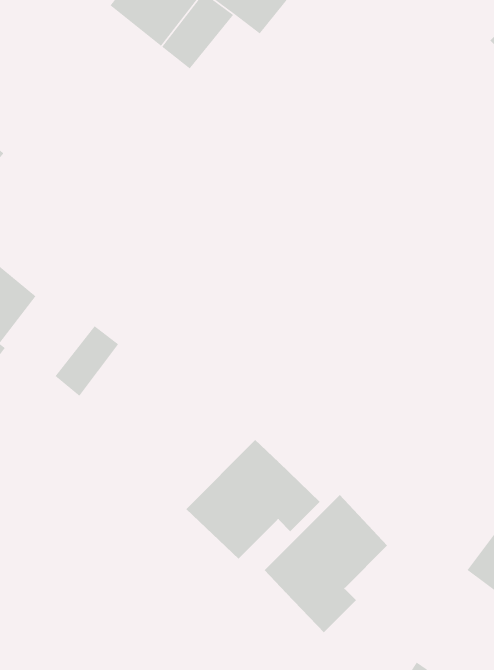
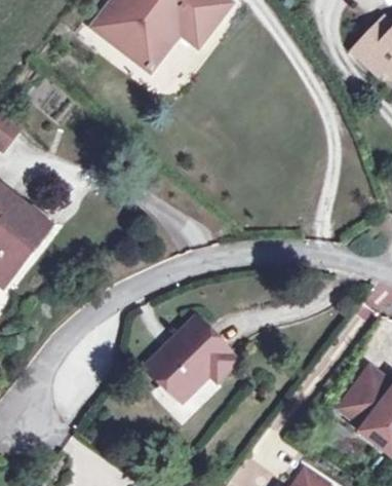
building: [55,325,119,397] -> none
building: [264,494,388,633] -> none

